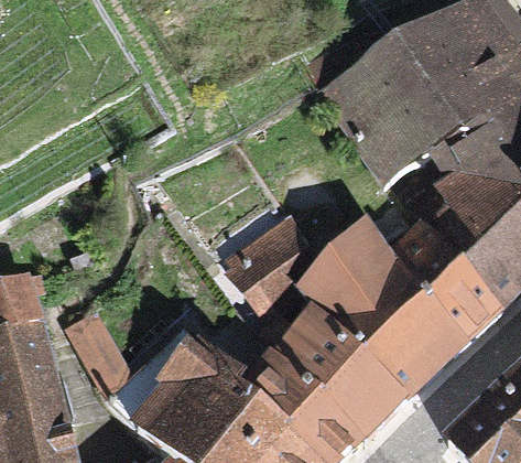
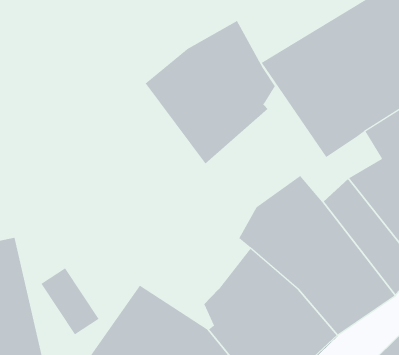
building: none -> [145,20,276,164]
building: [221,220,316,343] -> none

